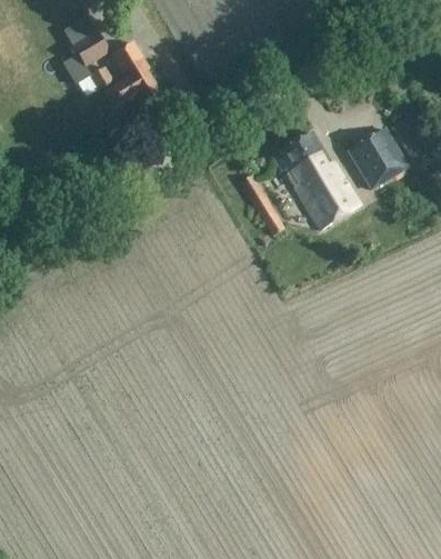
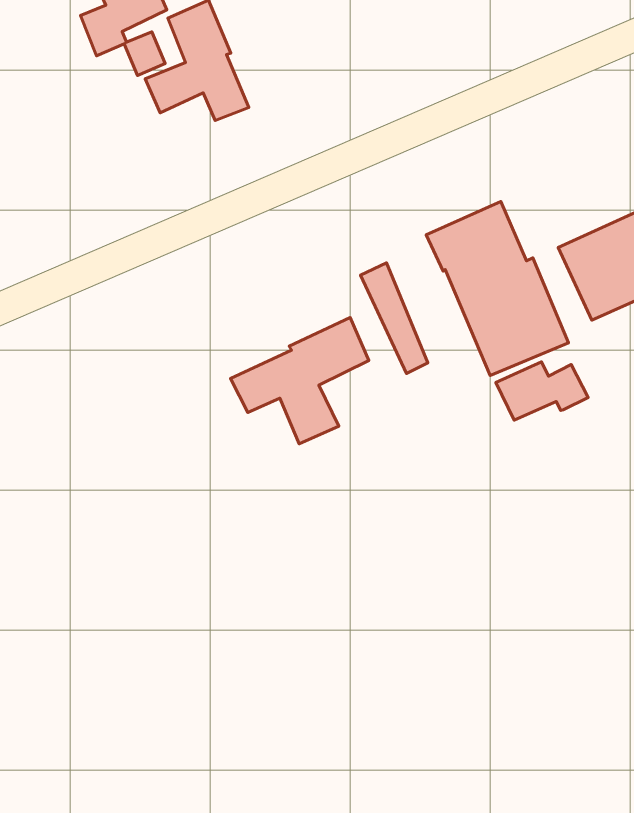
building: none -> [231,318,369,444]
building: none -> [496,362,588,420]

